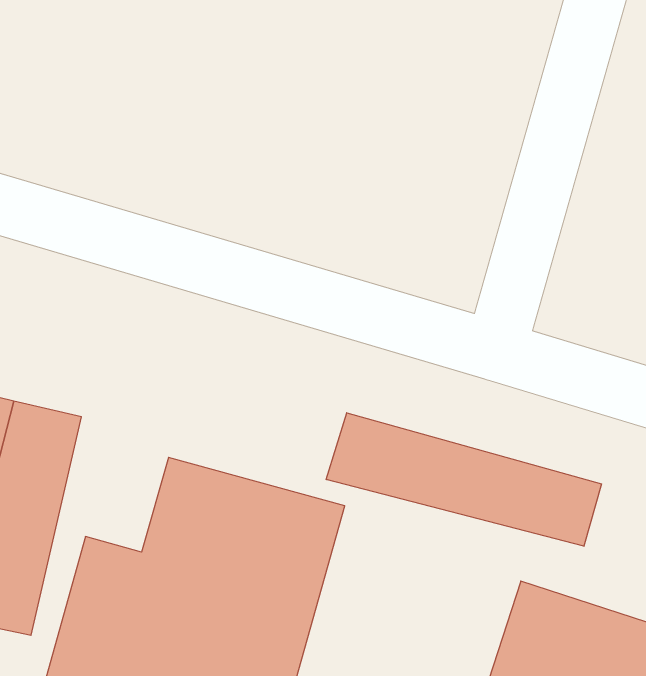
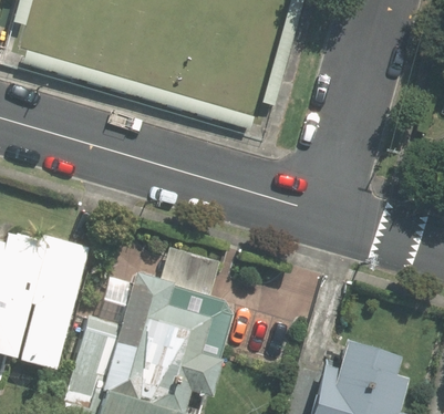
building: [326,413,601,546] -> none

